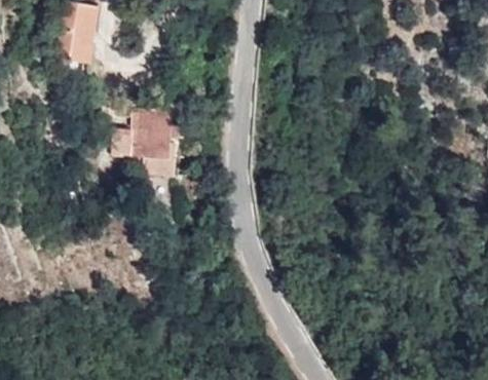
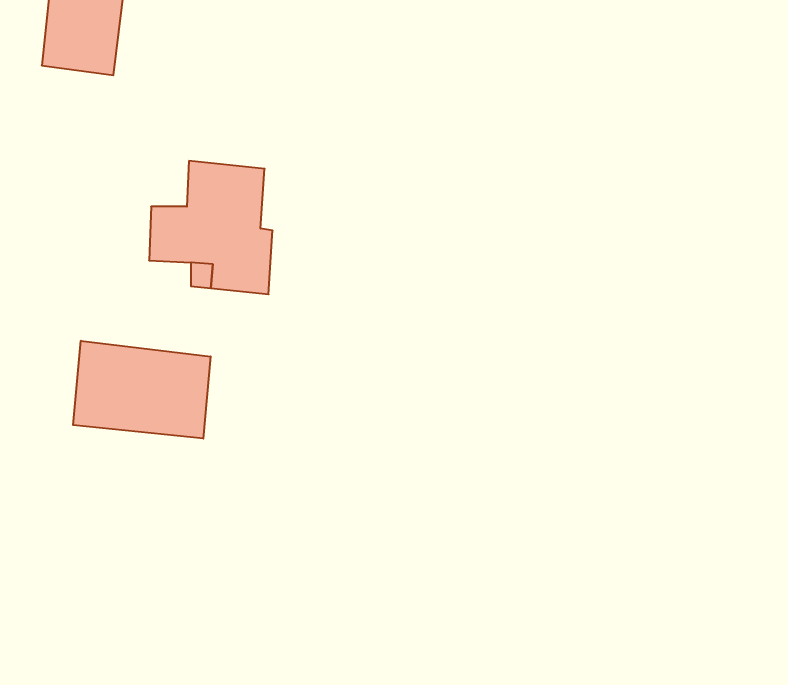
building: none -> [73,341,211,439]

